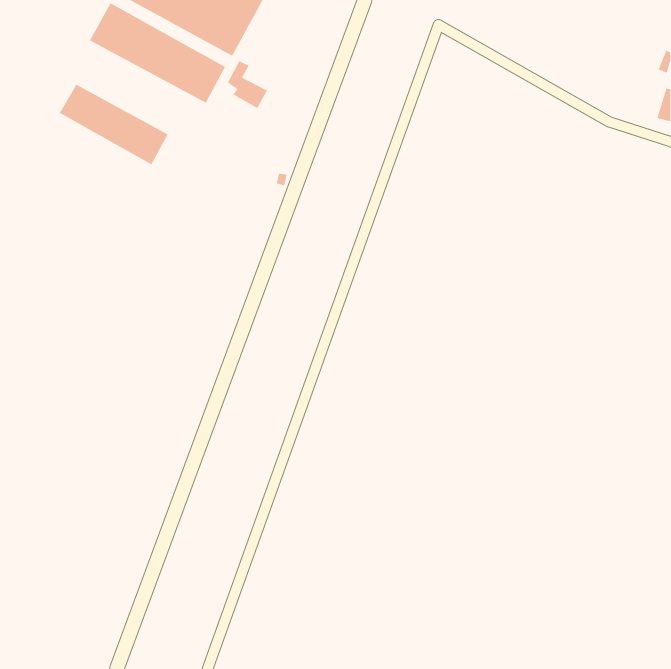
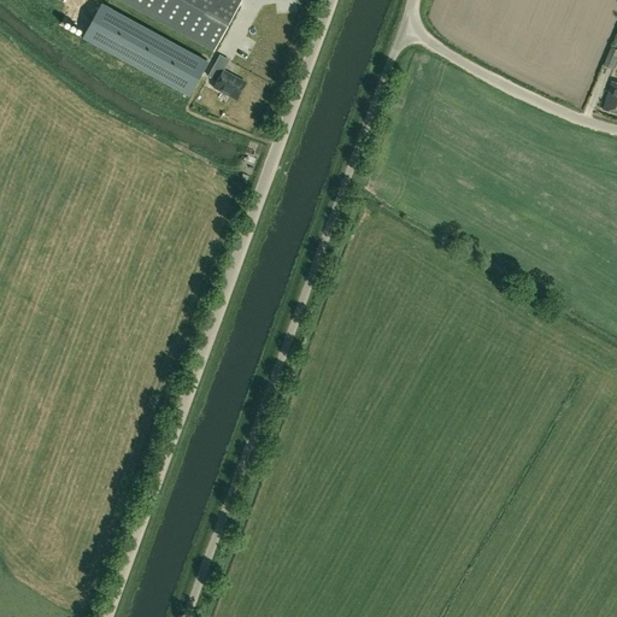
building: [59,84,168,165] -> none

